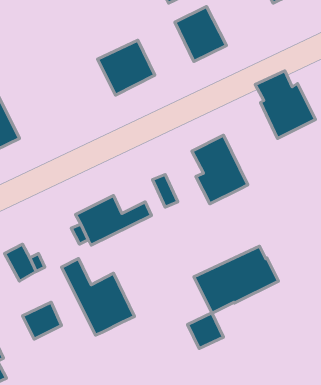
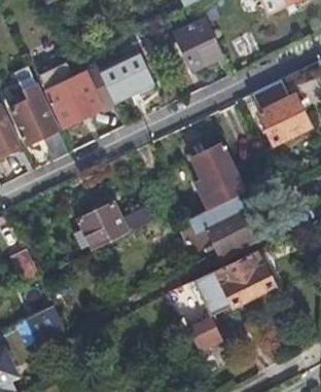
building: none -> [9,66,69,159]
building: none -> [47,66,116,127]
building: none -> [190,194,257,255]
building: [62,258,135,335] -> none

